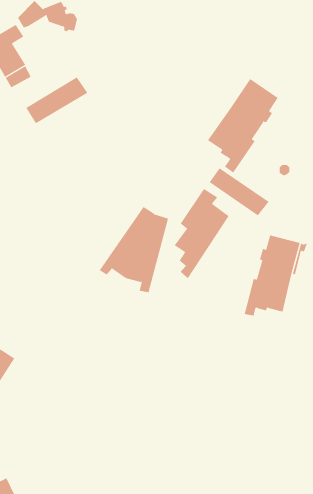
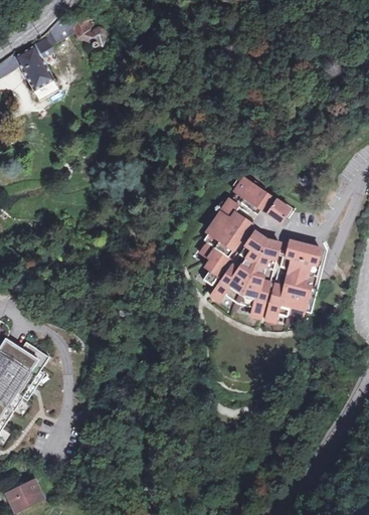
building: [25,77,88,124] -> none
building: [207,78,279,174] -> none
building: [99,206,169,293] -> [212,233,281,318]

